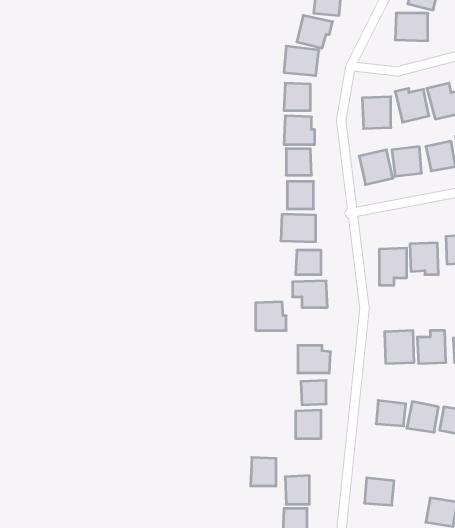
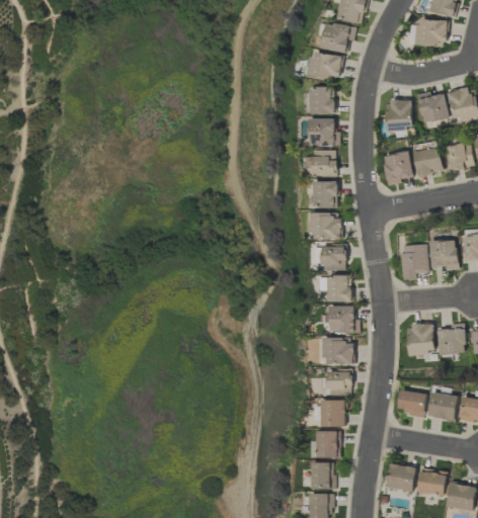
building: [256,302,286,330] -> [328,306,357,333]
building: [251,457,276,486] -> [315,431,339,458]
building: none -> [417,469,445,495]

